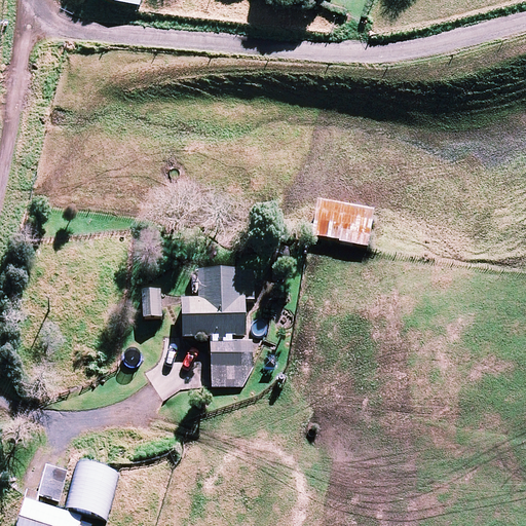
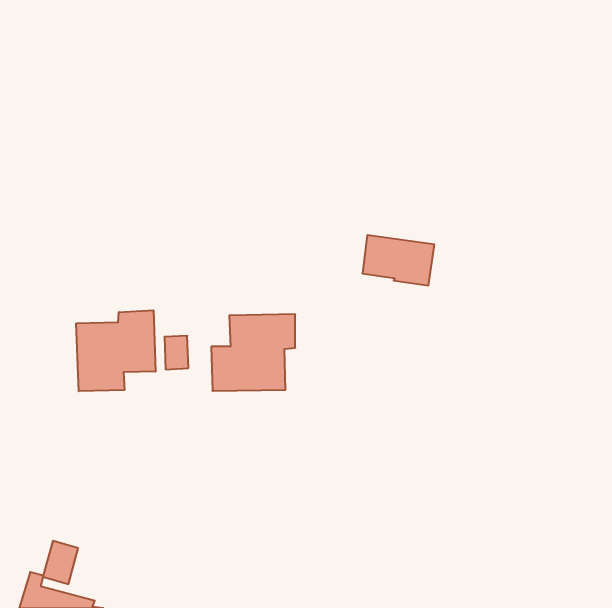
building: none -> [76,310,156,391]
building: [211,338,253,384] -> none
building: [65,460,119,517] -> none

